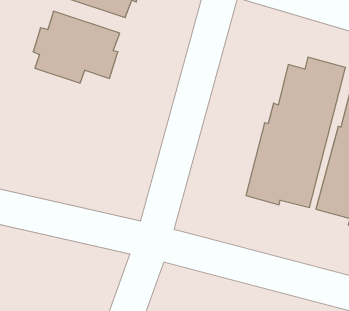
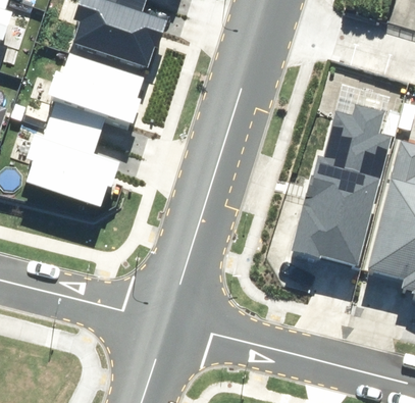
building: none -> [29,117,123,205]

